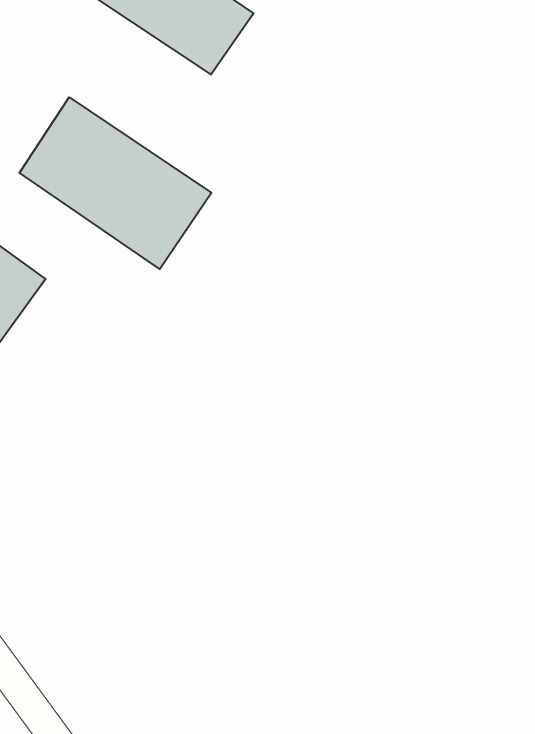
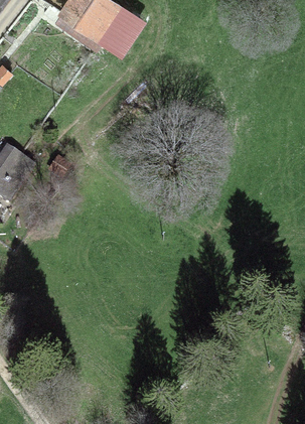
building: [19,97,211,269] -> none

